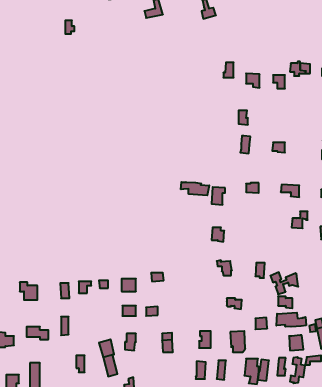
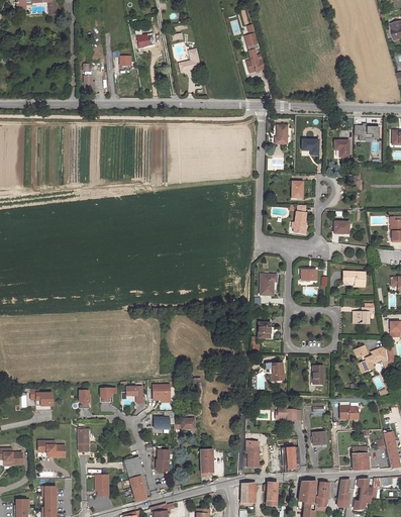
building: [181,182,209,195] -> none
building: [270,272,298,294] -> [355,345,388,372]
building: [276,313,306,327] -> none

